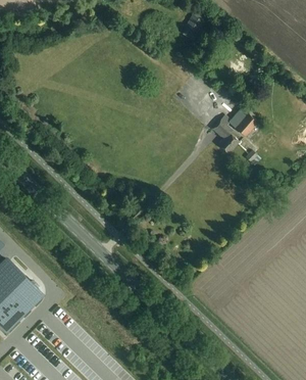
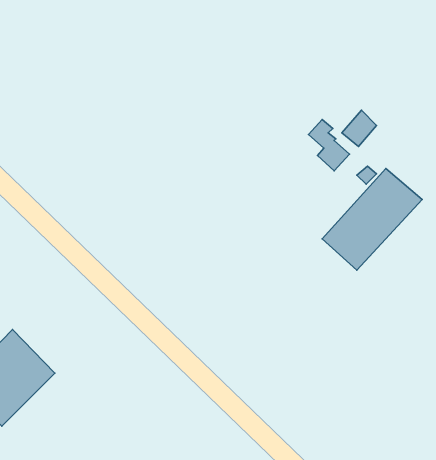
building: none -> [322,168,422,270]

